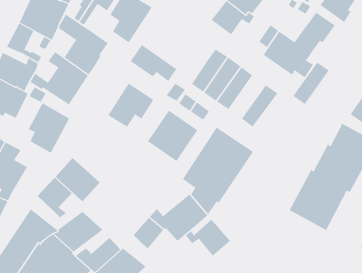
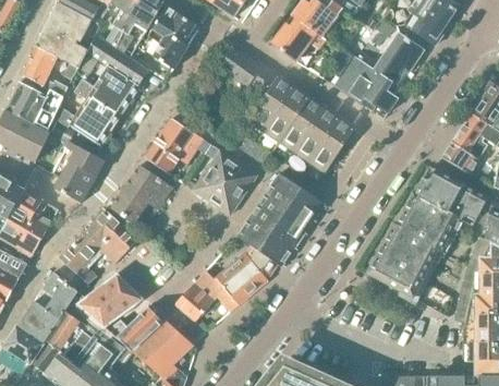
building: [130,44,177,82] -> [220,47,278,93]
building: [293,62,329,105] -> [294,110,339,162]
building: none -> [113,166,173,224]
building: [185,219,231,257] -> none

